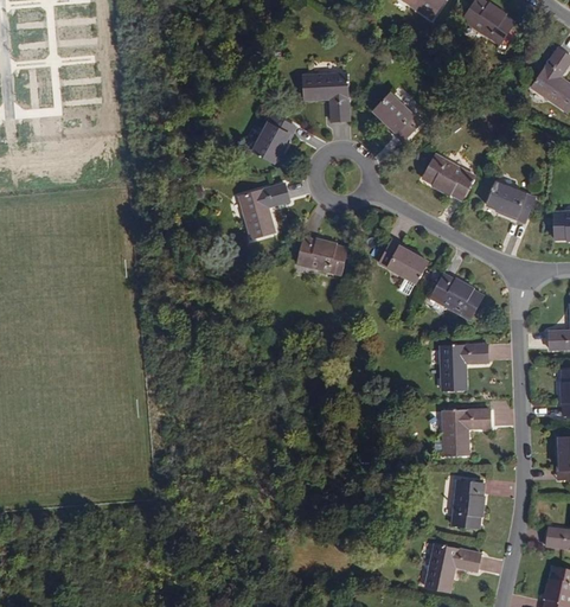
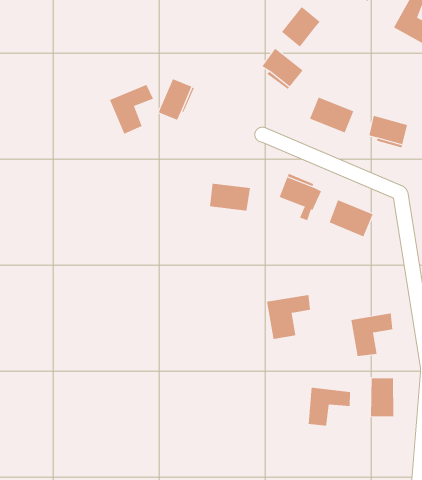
building: none -> [281,6,320,48]
building: [305,72,350,120] -> none
building: [237,183,288,237] -> [109,84,154,135]
building: [437,344,487,390] -> [266,294,311,339]
building: [427,543,480,589] -> [308,387,351,426]

